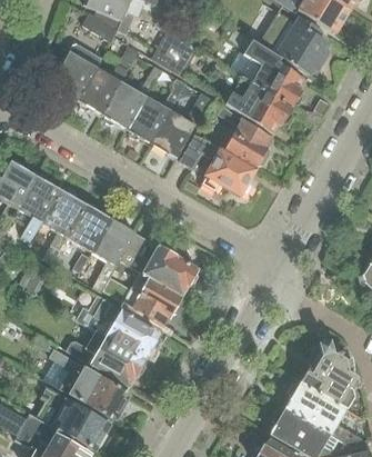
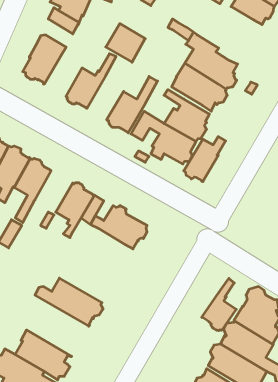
building: [257,11,324,74] -> none
building: [77,46,138,116] -> none
building: [127,79,185,143] -> none
building: none -> [184,137,226,182]
building: [66,202,110,252] -> none
building: [102,271,182,326] -> none
building: [76,295,161,359] -> none
building: none -> [202,278,236,331]
building: [42,348,128,418] -> none

